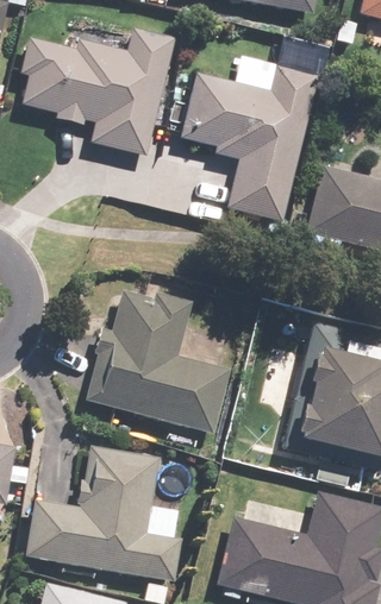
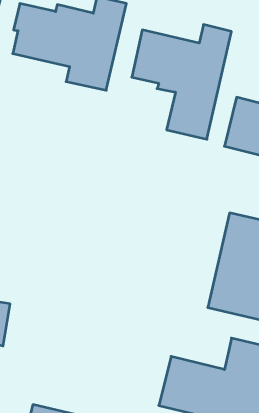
building: [83,285,227,432] -> none
building: [25,447,180,581] -> none

